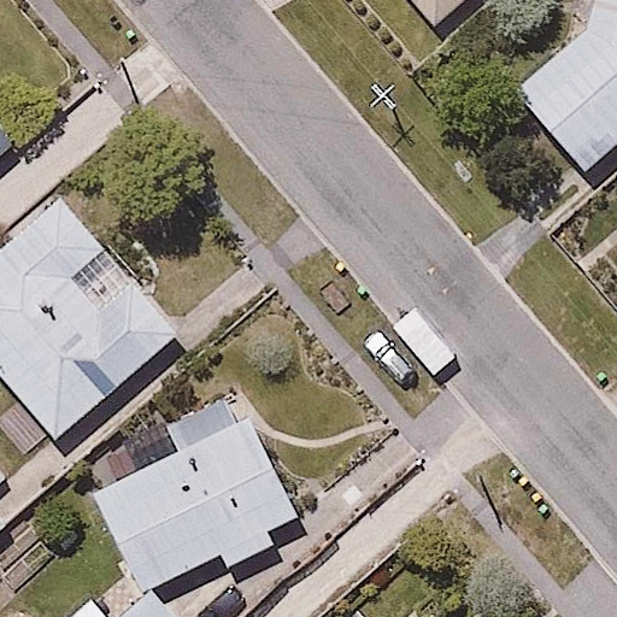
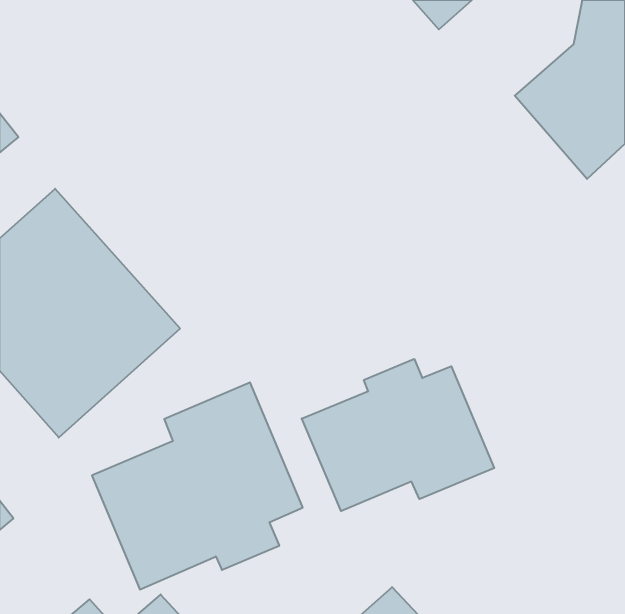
building: none -> [302,359,494,511]

